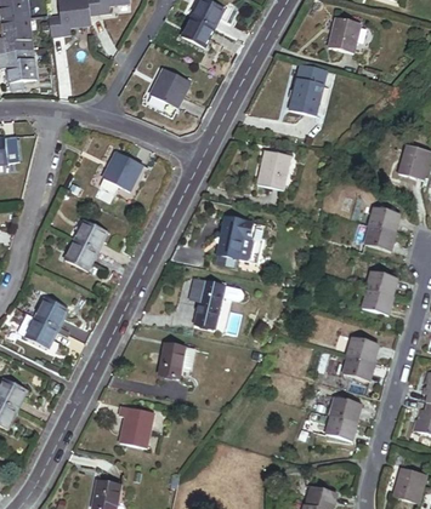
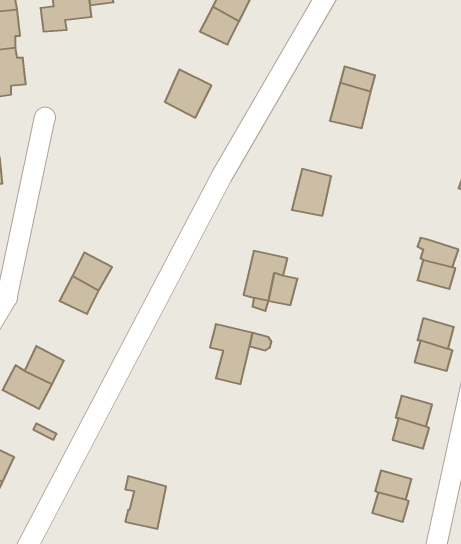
building: [328,18,361,53] -> none
building: [100,151,143,194] -> none
building: [159,343,194,378] -> none

